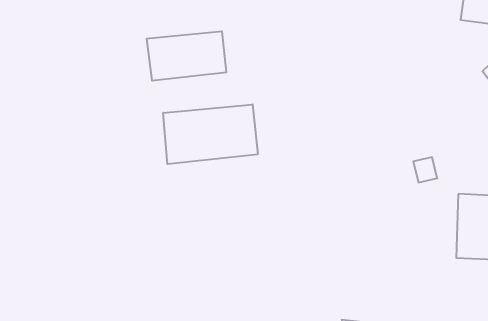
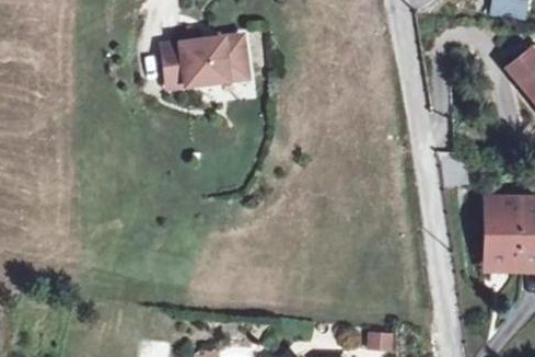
building: [163,104,258,164] -> none

